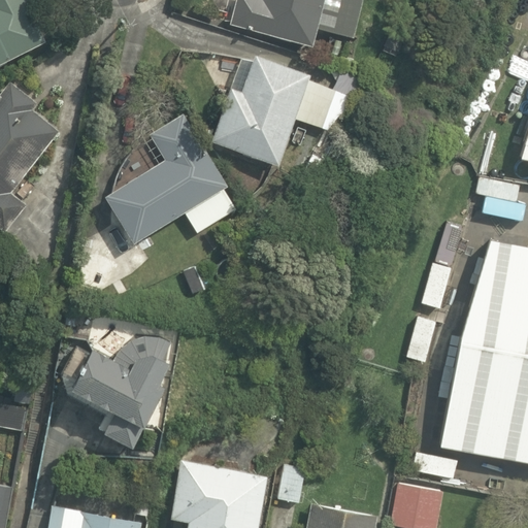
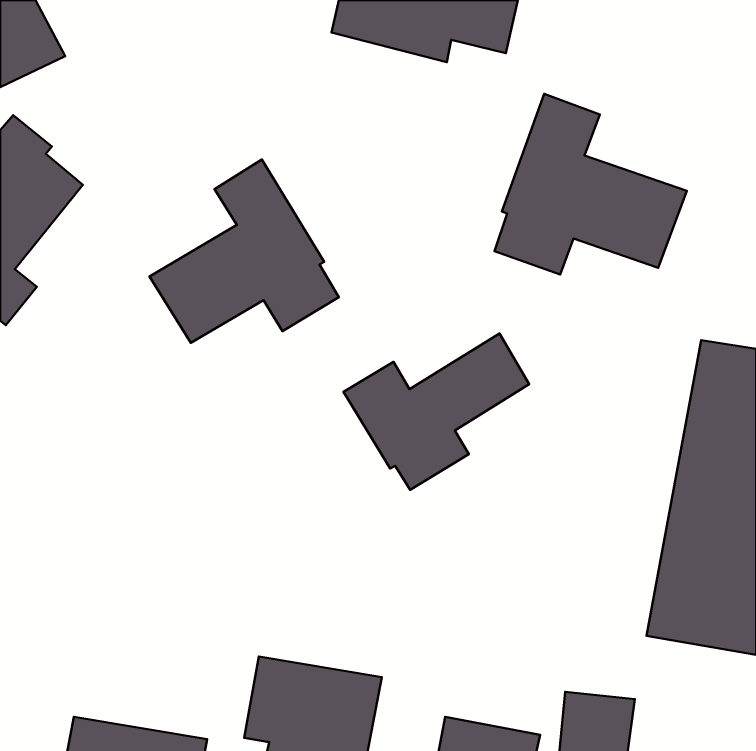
building: [211,57,351,166] -> none
building: none -> [494,94,687,275]
building: none -> [343,333,529,490]
building: [75,336,170,429] -> none

